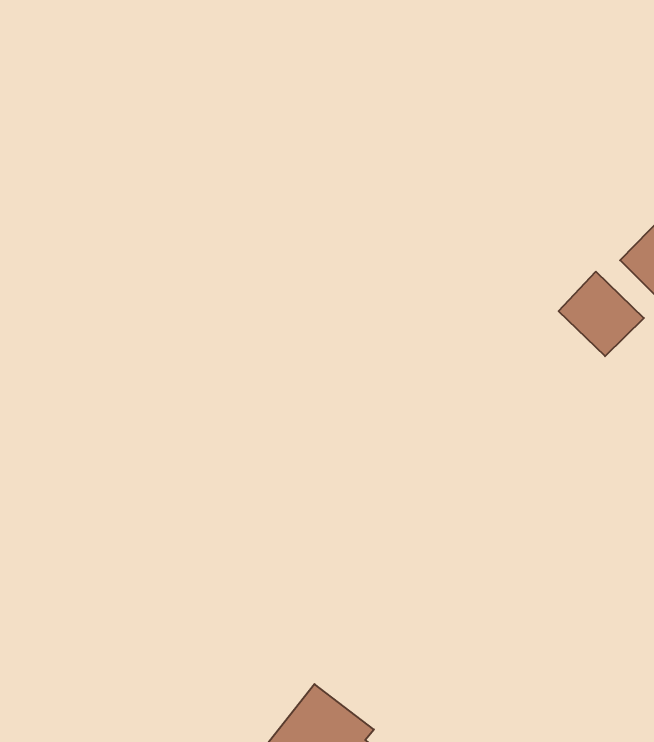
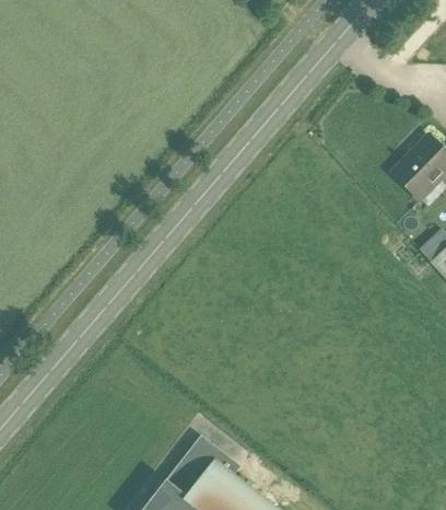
building: [559,272,644,356] -> none

